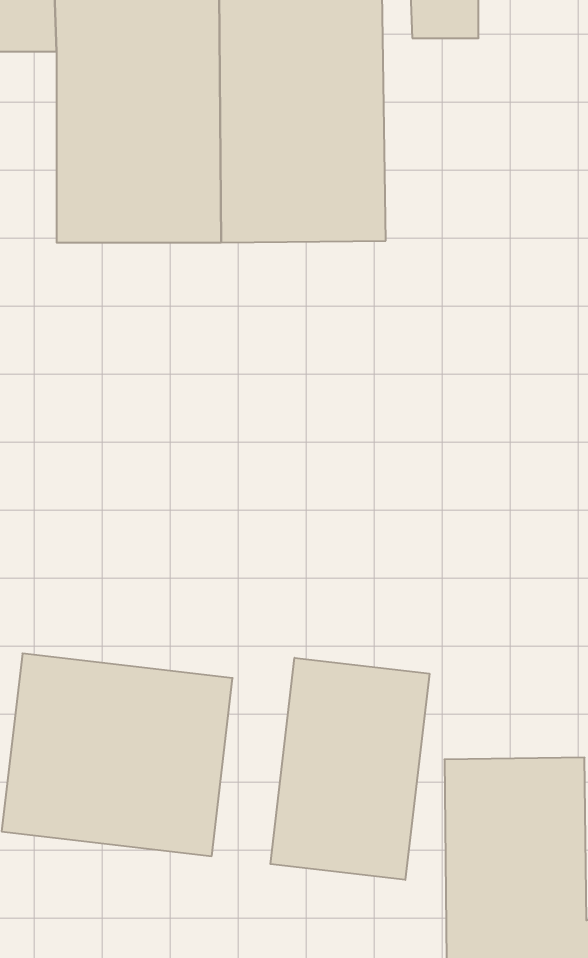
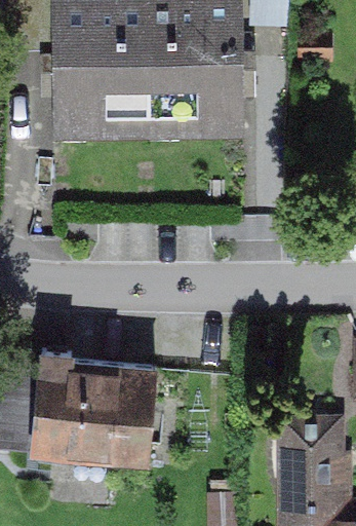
building: [270,658,429,880] -> none

